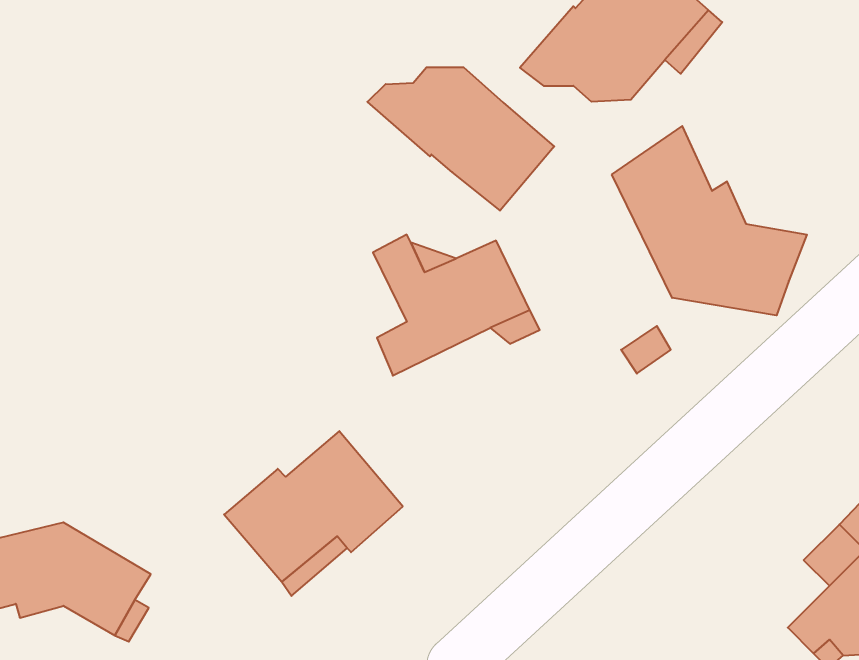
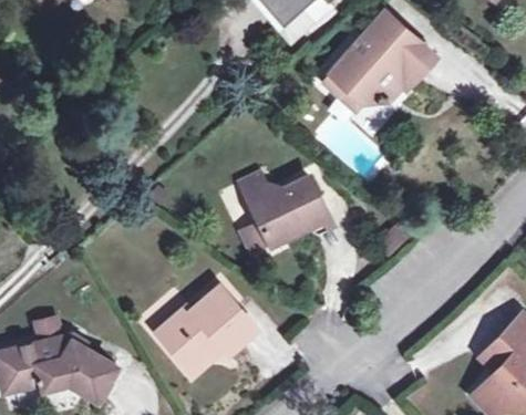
building: [367,67,554,211] -> none
building: [612,126,807,315] -> none

